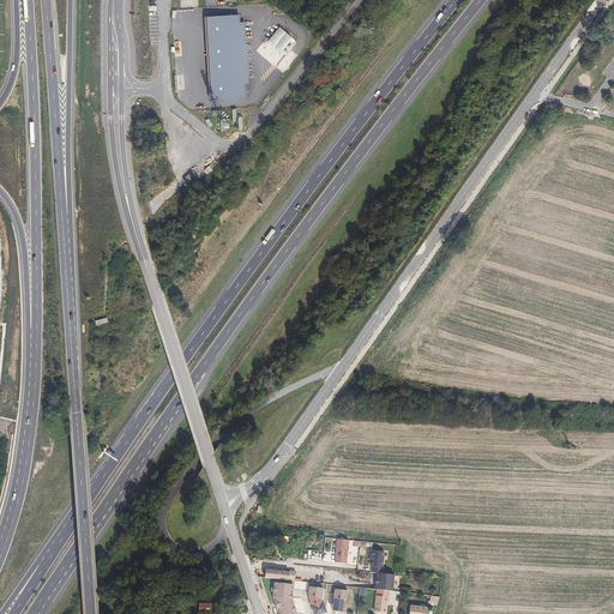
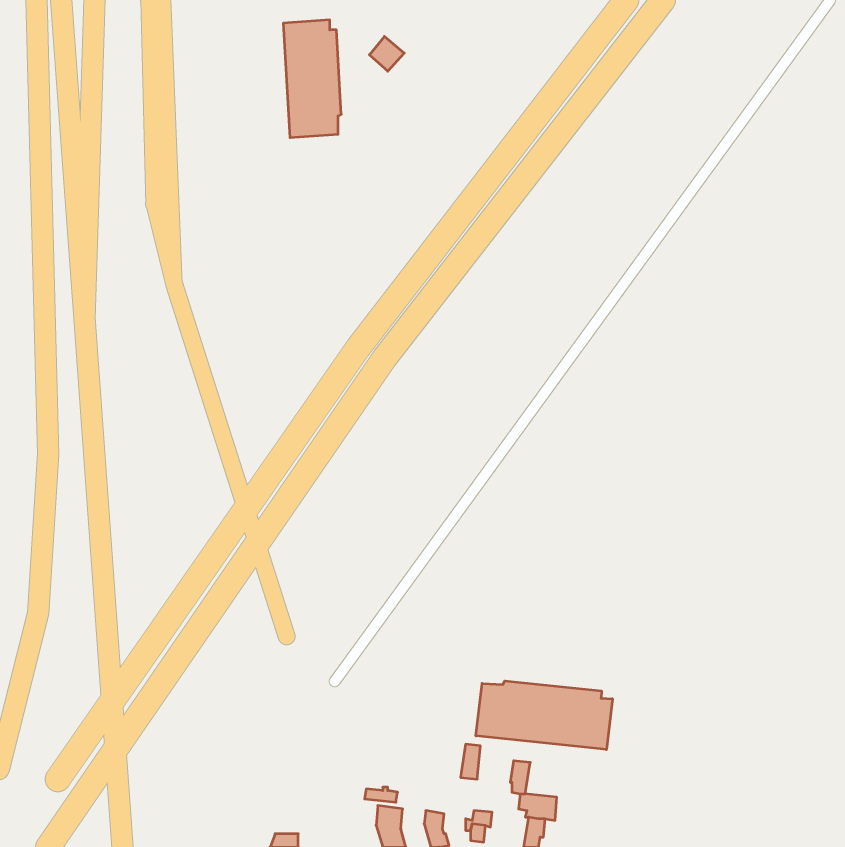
building: none -> [476,681,612,750]

